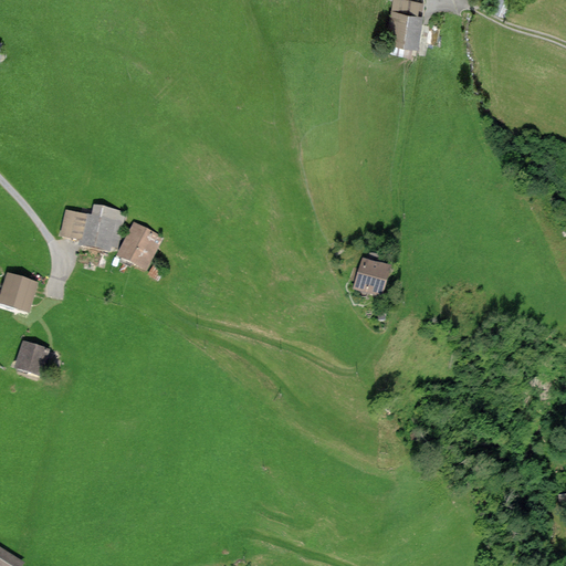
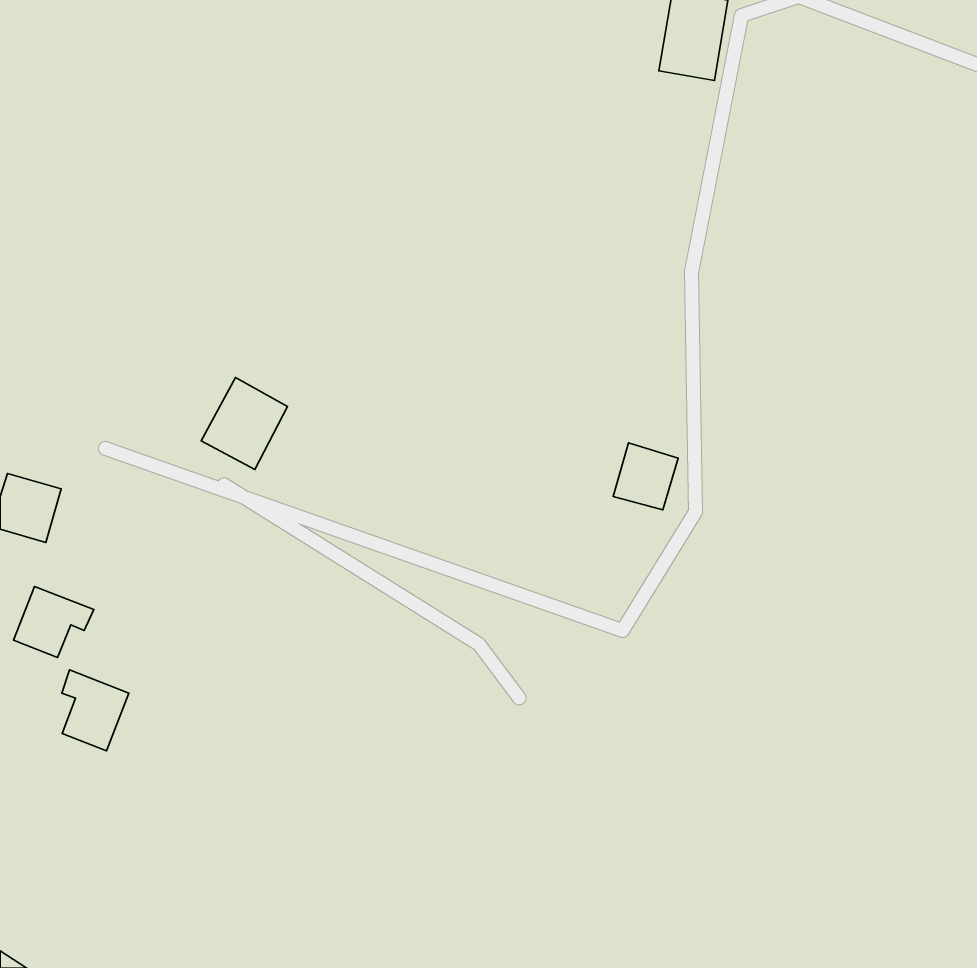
building: [61,203,125,253] -> none
building: none -> [62,670,129,751]

